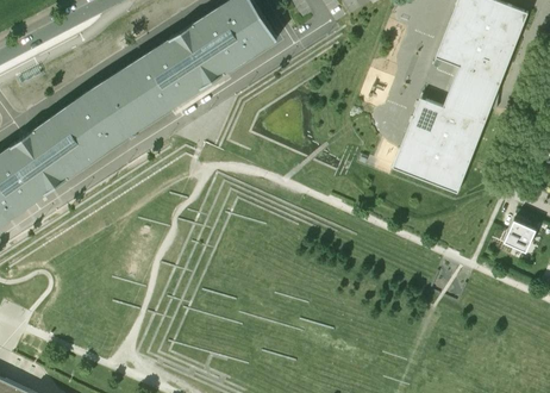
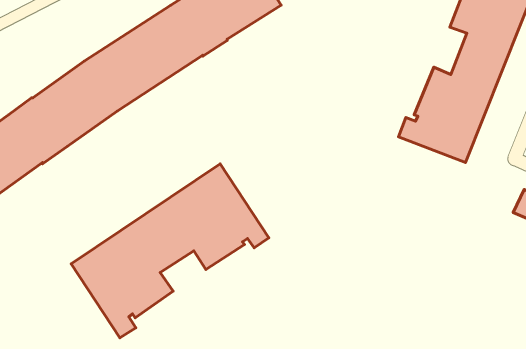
building: none -> [71,164,269,338]

